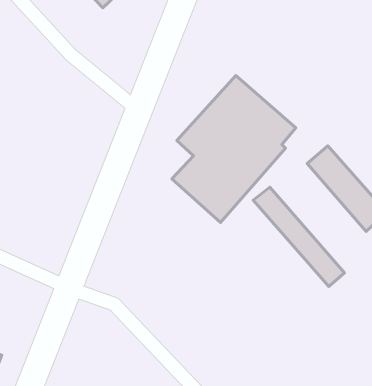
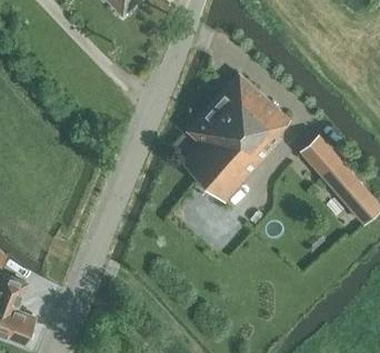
building: [253,187,344,286] -> none

